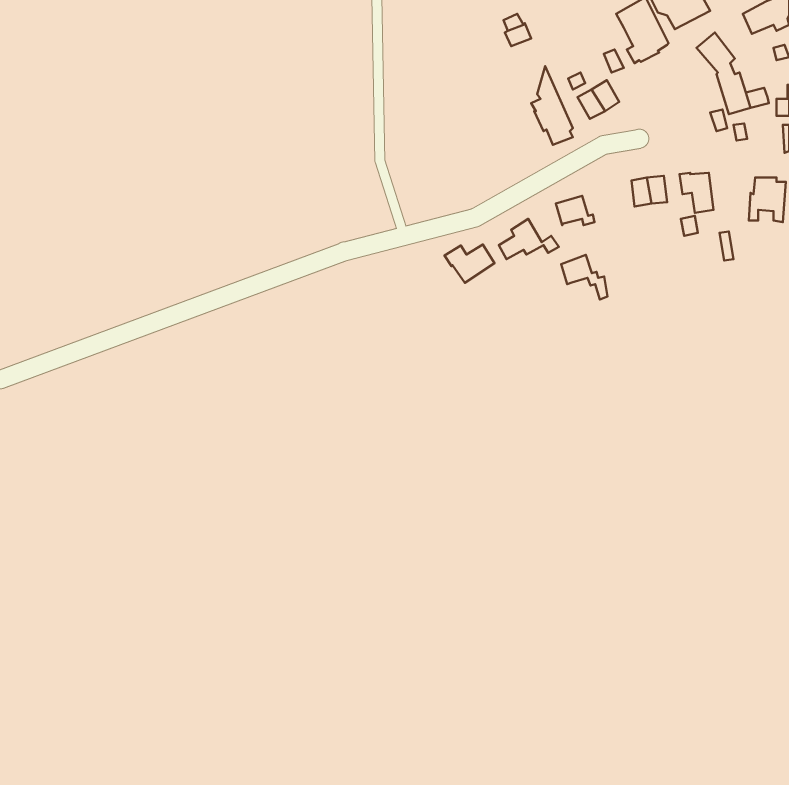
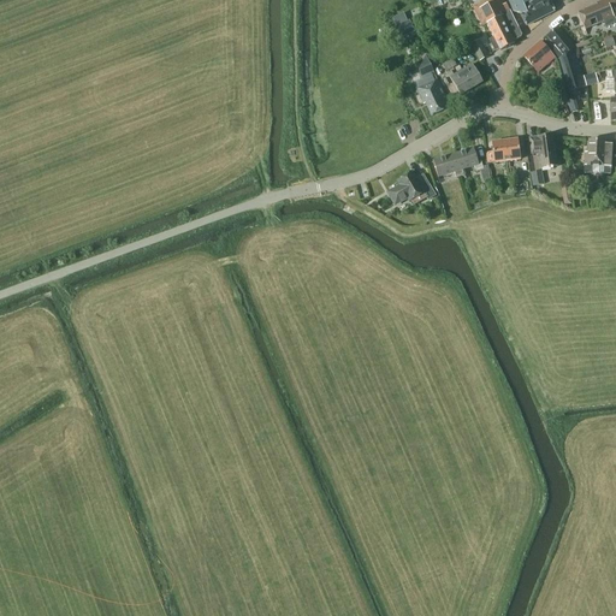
building: none -> [523,38,555,71]
building: [445,245,494,283] -> none
building: [561,255,607,300] -> [454,146,490,180]

